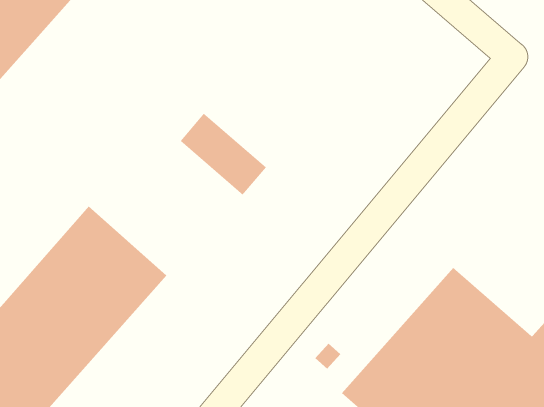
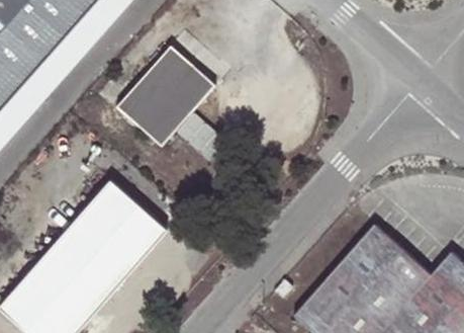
building: none -> [119,47,214,146]

